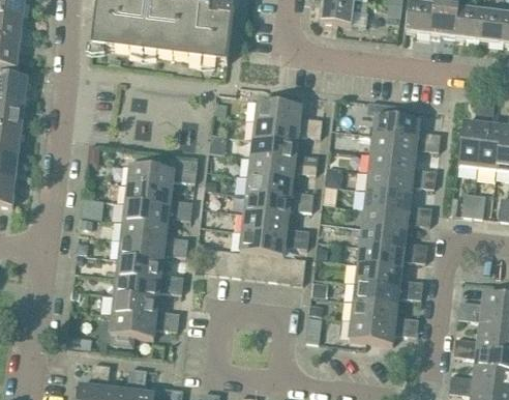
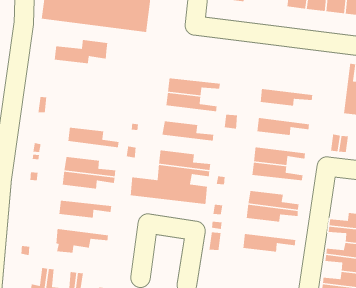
building: [255,99,321,126] -> none
building: [457,99,485,166] -> none
building: [372,114,440,141] -> none
building: [368,151,435,178] -> none
building: [127,155,197,188] -> [54,39,108,64]
building: [248,155,316,179] -> none
building: [364,189,430,216] -> none
building: [243,193,311,217] -> none
building: [123,201,190,225] -> none
building: [358,245,425,268] -> none
building: [116,257,183,283] -> none
building: [112,294,179,320] -> none
building: [351,299,417,326] -> none

